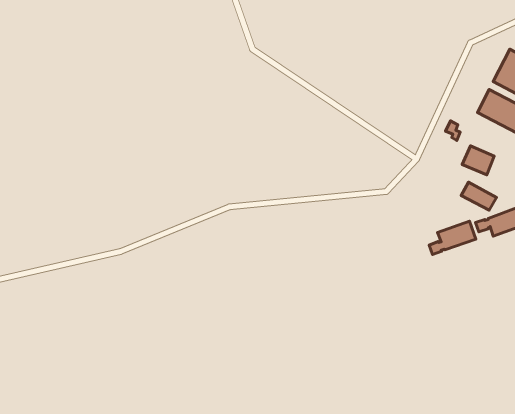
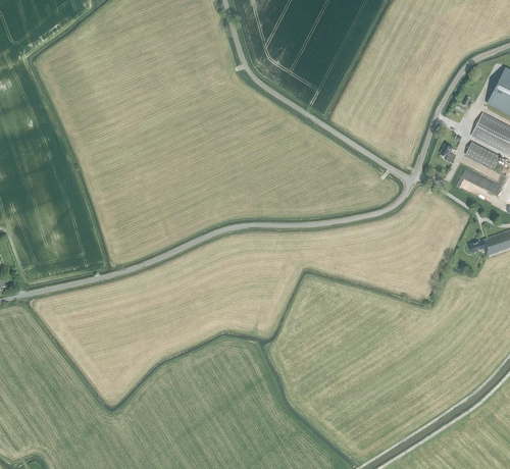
building: [461,182,497,210] -> [466,141,501,168]
building: [429,221,476,254] -> none

